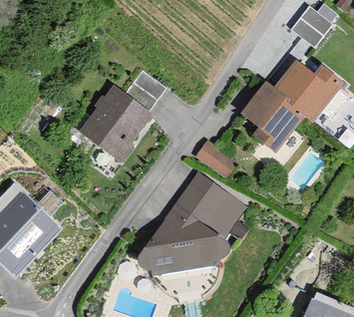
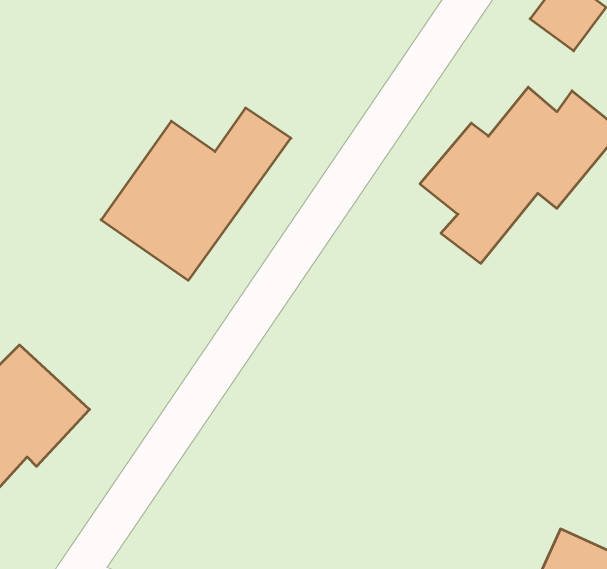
building: [195,139,237,178] -> none
building: [133,169,251,273] -> none

